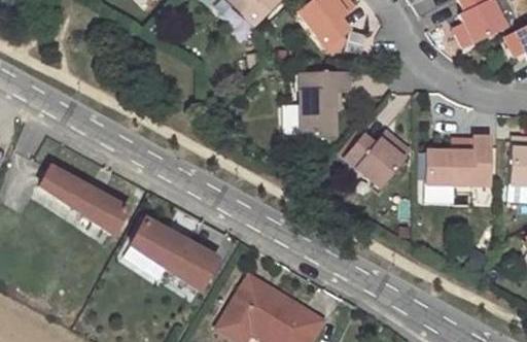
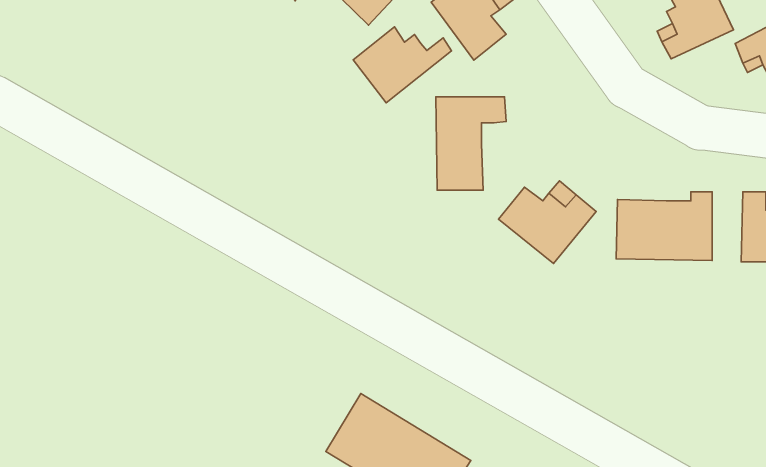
building: none -> [353,27,452,103]
building: [42,167,129,234] -> none
building: [133,218,219,289] -> none

